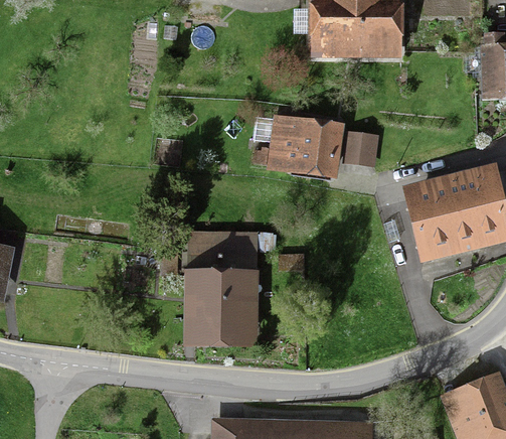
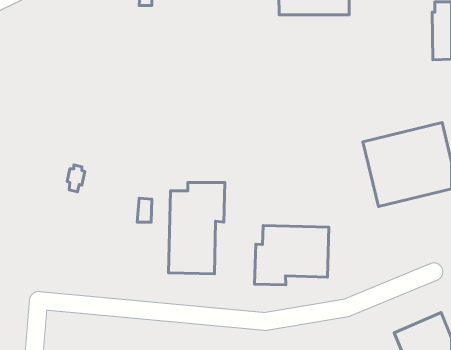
building: [271,117,343,177] -> none
building: [346,133,377,165] -> none
building: none -> [254,226,329,285]

